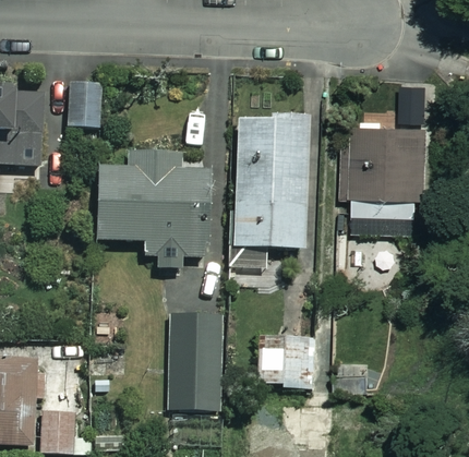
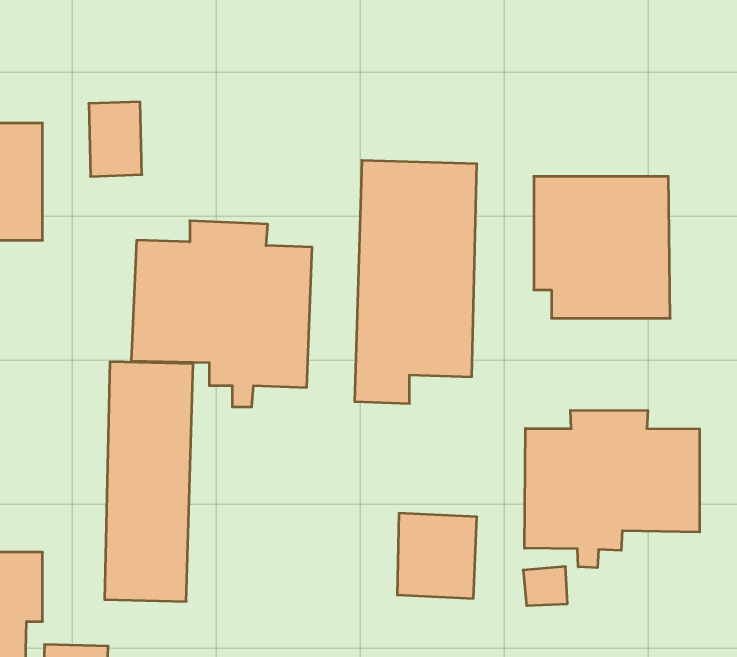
building: [169,262,224,409] -> [105,362,193,601]
building: none -> [525,410,700,568]

